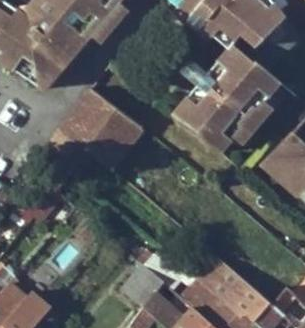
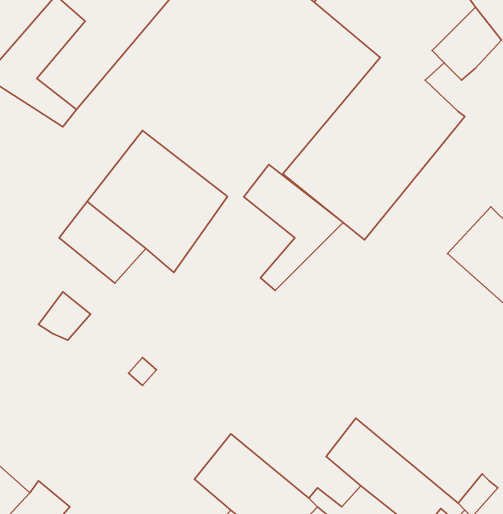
building: none -> [244,164,343,290]

